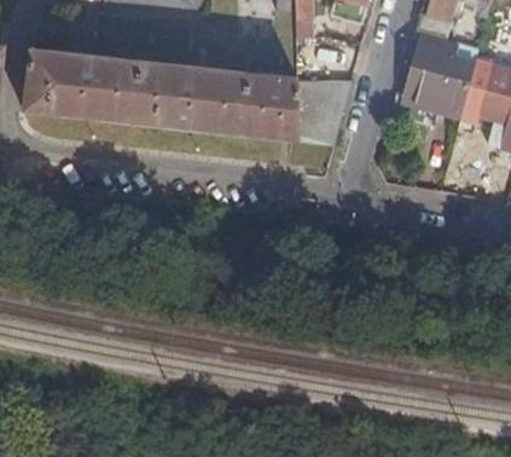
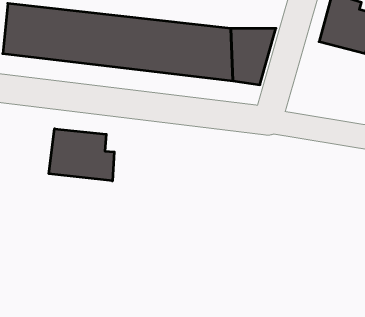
building: none -> [49,129,114,181]

